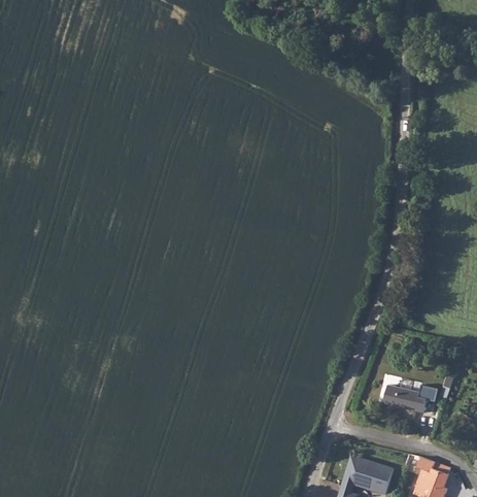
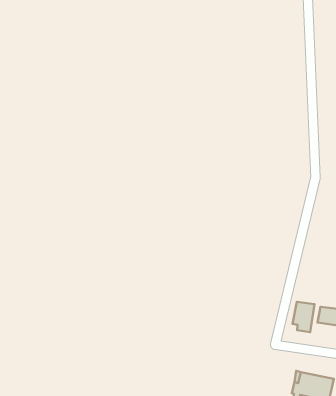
building: none -> [293,302,315,332]

